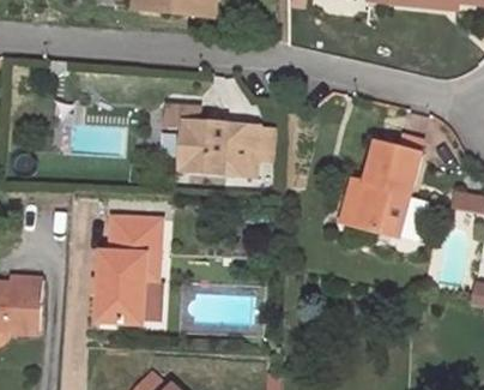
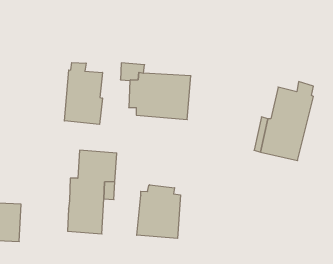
building: none -> [64,63,102,124]
building: none -> [137,185,180,238]

